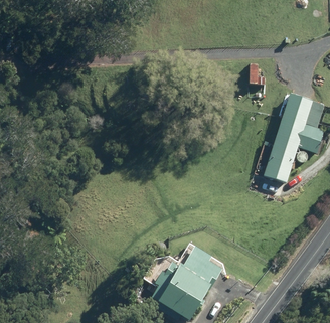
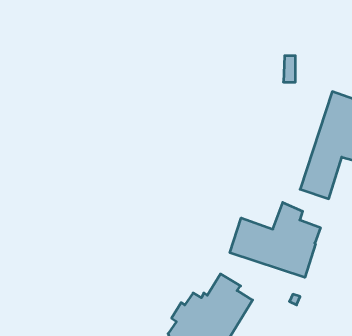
building: none -> [230,202,320,277]

